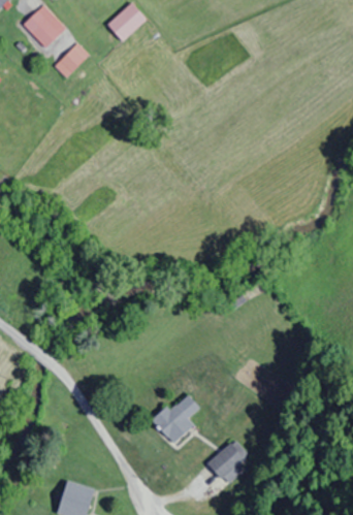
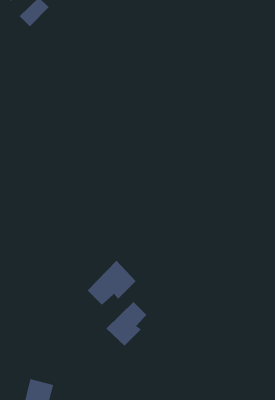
building: none -> [87,260,137,306]
building: [207,441,247,479] -> none

